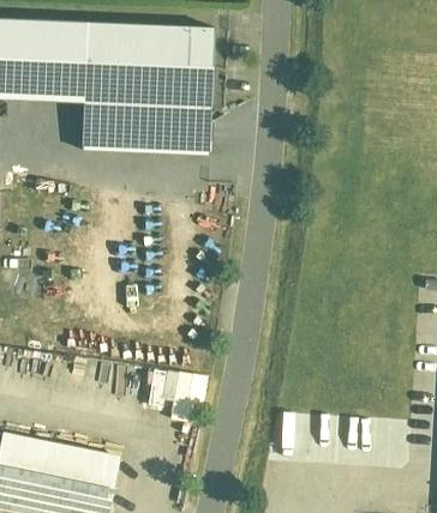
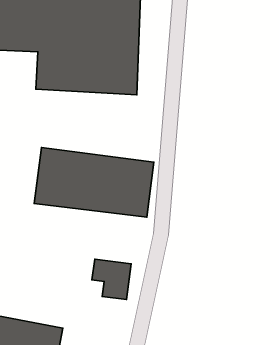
building: none -> [34,148,154,217]

